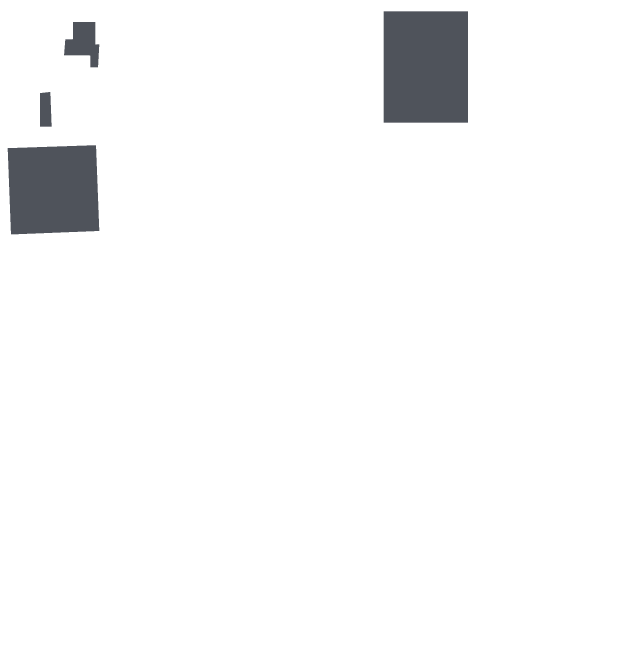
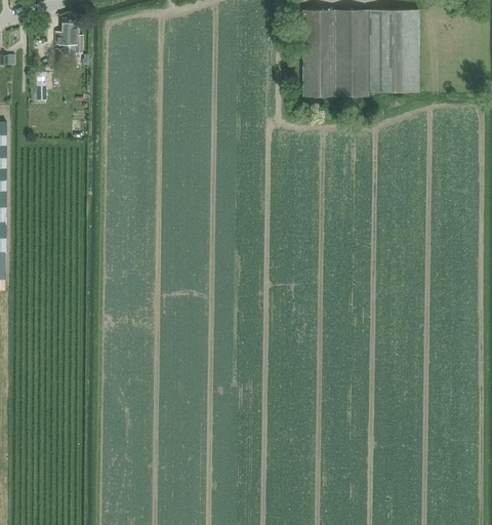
building: none -> [368,10,417,92]
building: [7,144,100,235] -> none

